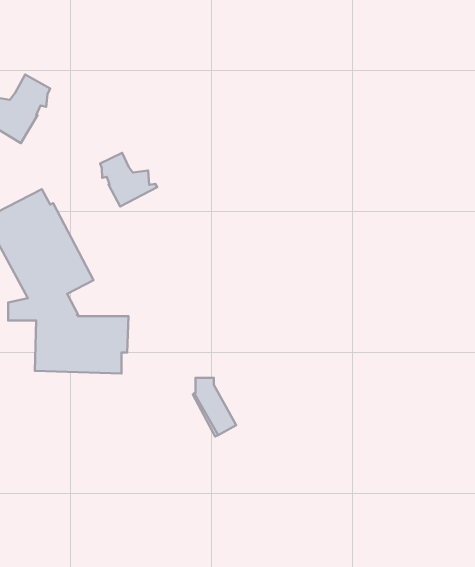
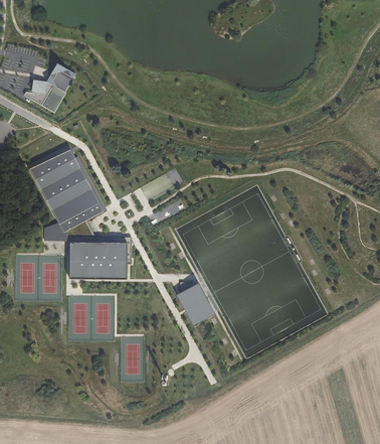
building: [100,153,157,207] -> none

